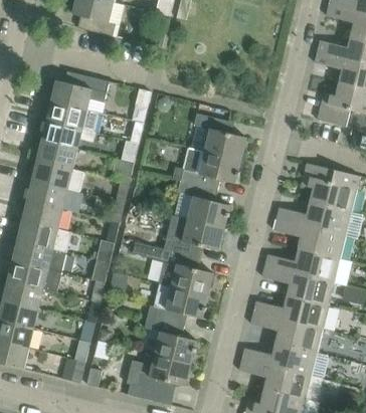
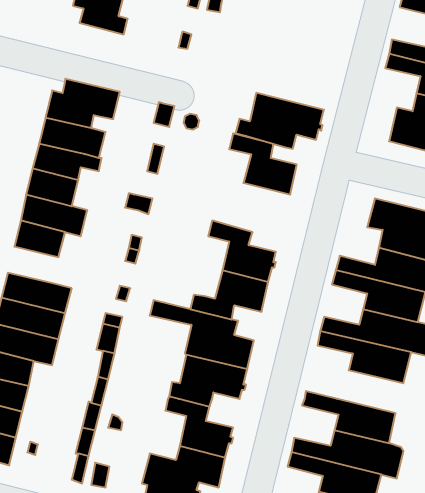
building: [172,148,240,191] -> [235,93,324,149]
building: [22,201,61,229] -> none
building: [252,296,328,330] -> none

